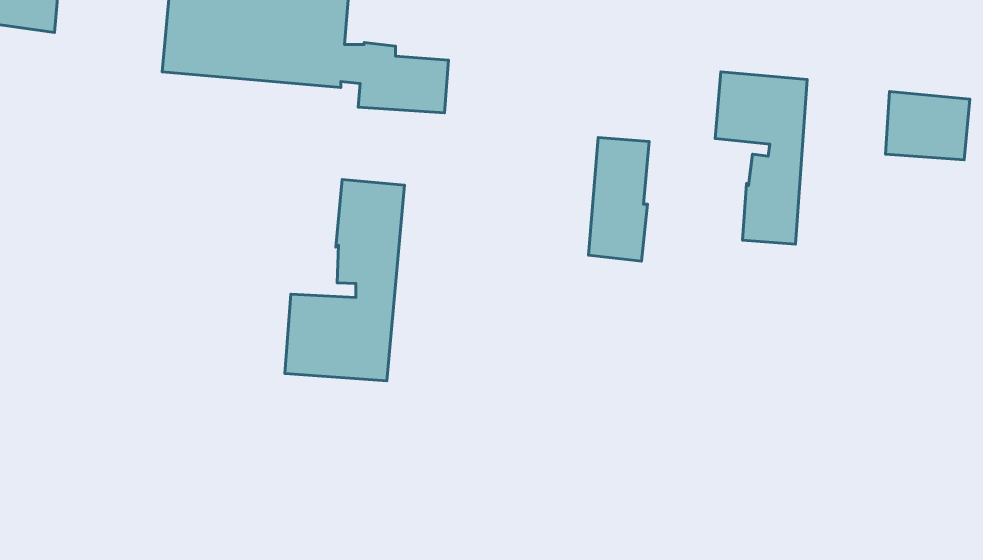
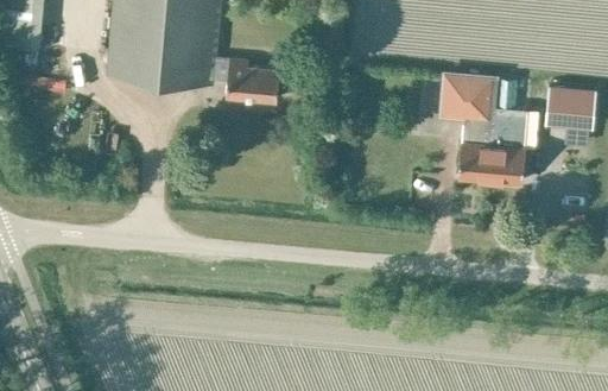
building: [589,138,649,261] -> [489,114,526,189]
building: [285,179,405,381] -> none

